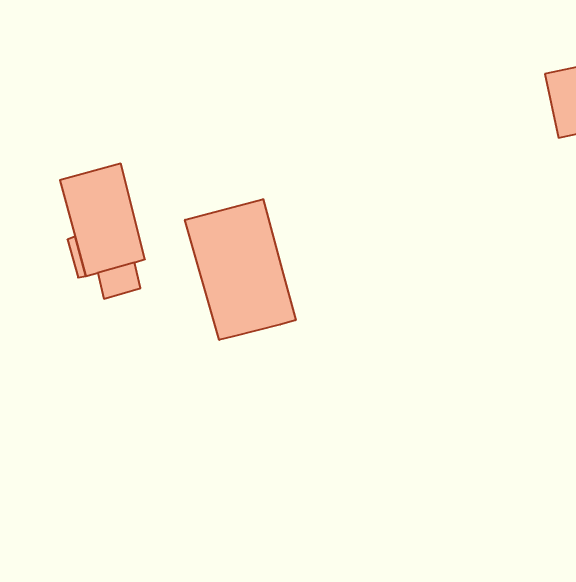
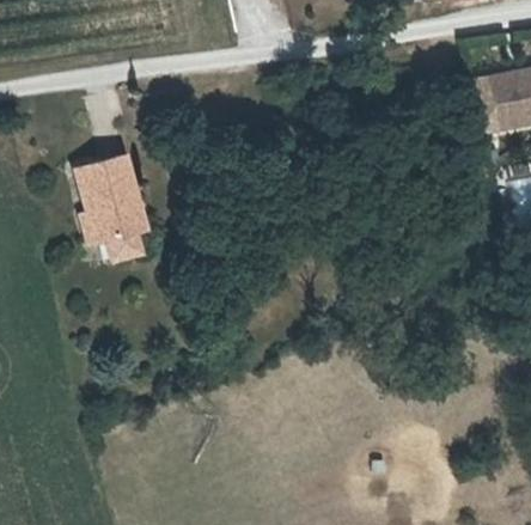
building: [185,199,296,340] -> none

